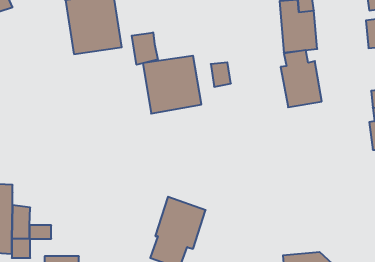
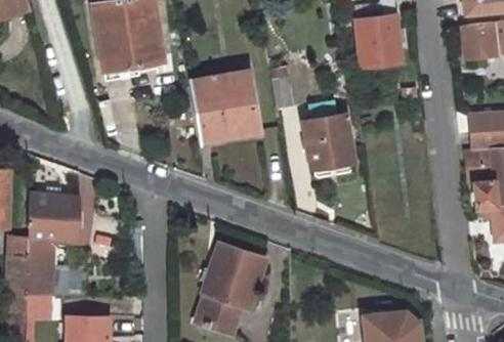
building: [132,32,158,65] -> none
building: [281,50,322,107] -> [303,98,353,168]
building: none -> [30,191,77,243]

